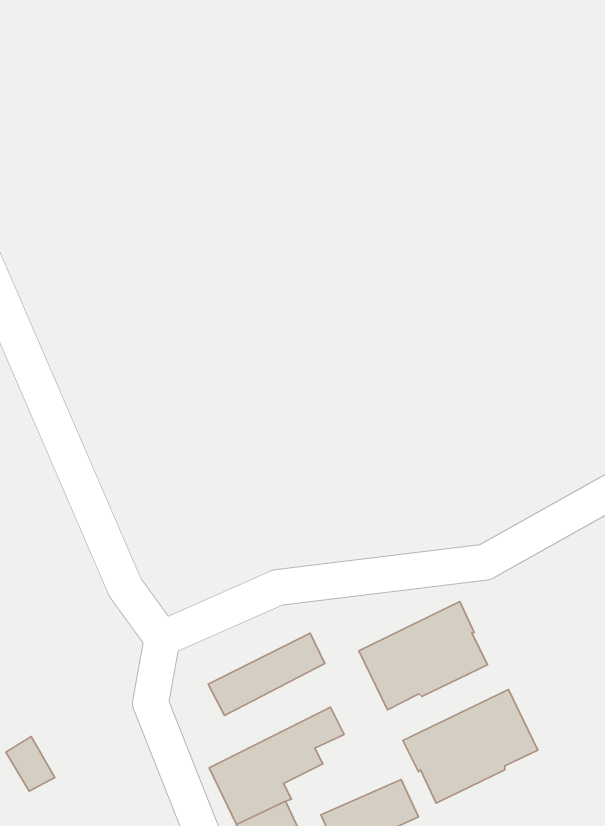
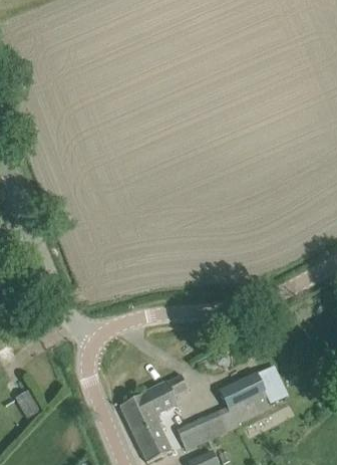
building: [359,602,488,710] -> none
building: [208,633,325,715] -> none

